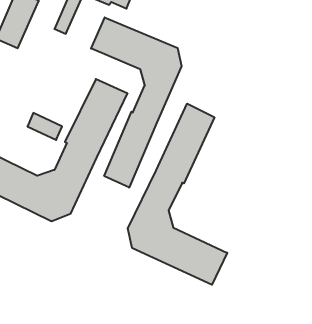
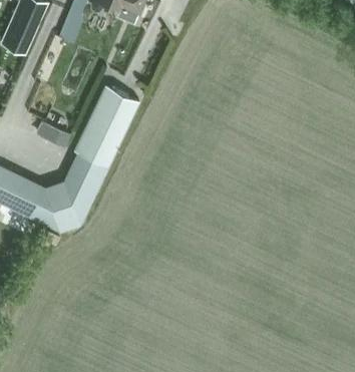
building: [91,17,182,188] -> none
building: [128,104,227,285] -> none

